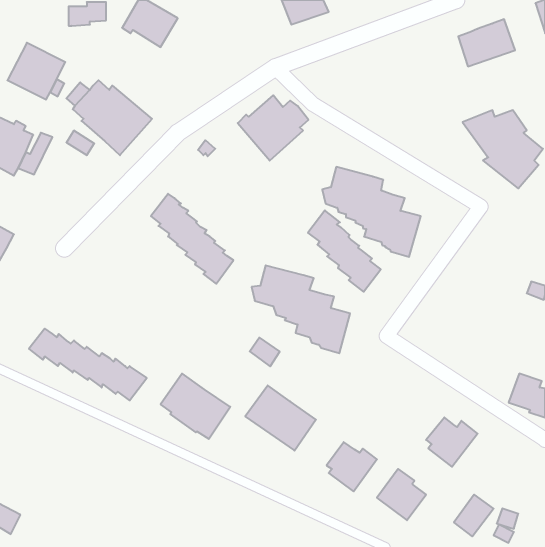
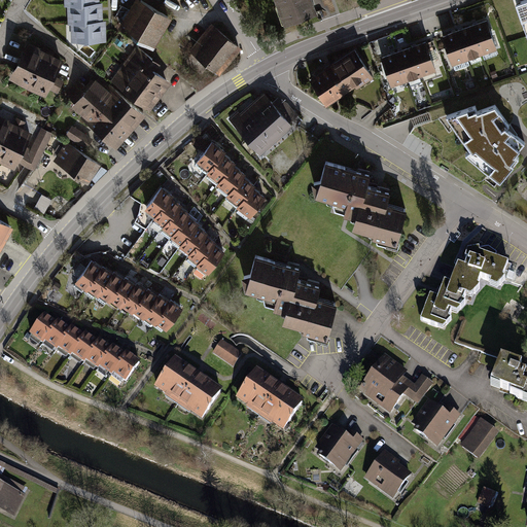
building: none -> [69,20,105,42]
building: none -> [183,25,236,77]
building: none -> [379,40,435,86]
building: none -> [109,45,171,110]
building: none -> [308,48,372,105]
building: none -> [51,140,101,184]
building: [308,210,381,292] -> [196,139,266,217]
building: none -> [419,248,510,329]
building: none -> [74,259,183,329]
building: [250,338,280,366] -> [212,341,241,368]
building: none -> [358,356,431,415]
building: [454,495,494,536] -> [459,421,497,461]

